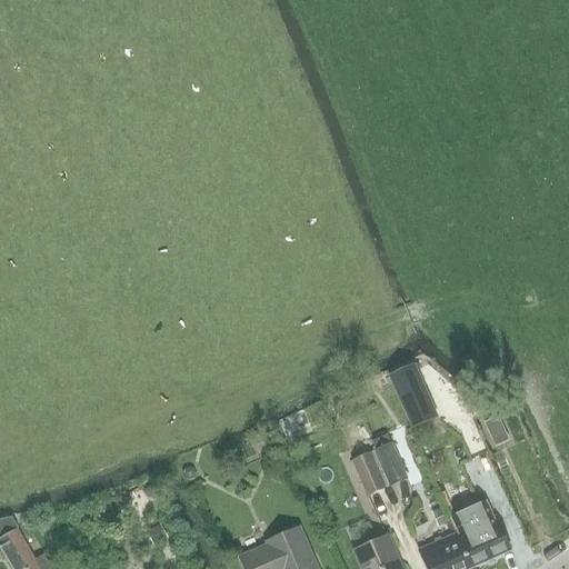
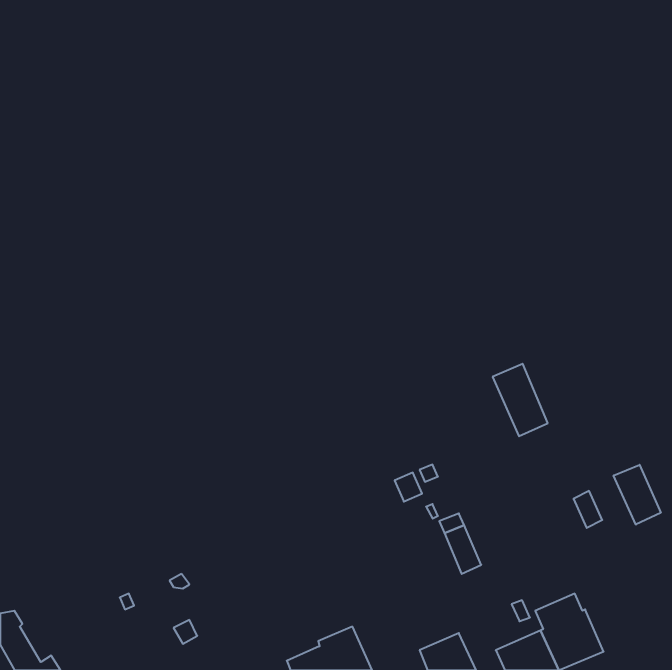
building: [390,365,437,426] -> [493,364,548,436]
building: none -> [614,465,661,525]
building: [353,452,385,495] -> none

